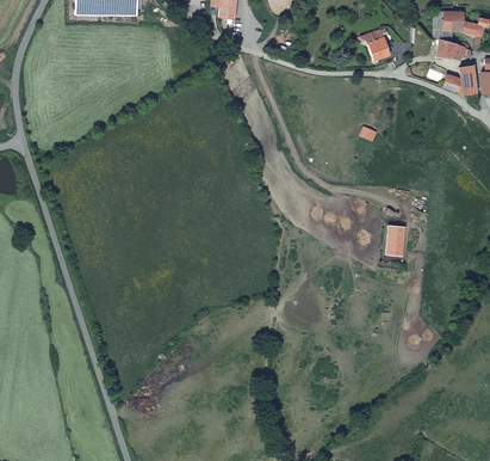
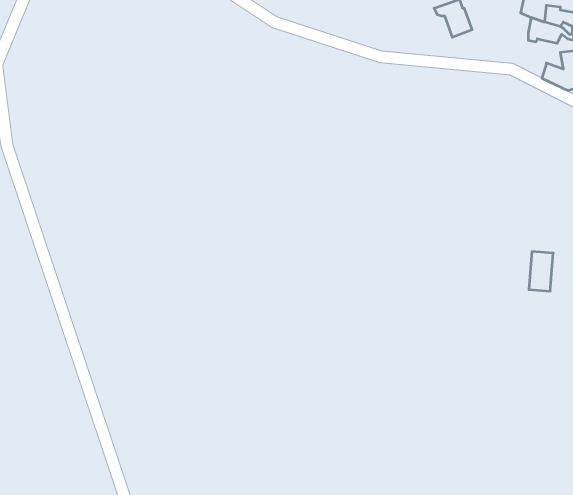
building: [387,221,407,252] -> [529,252,553,291]

